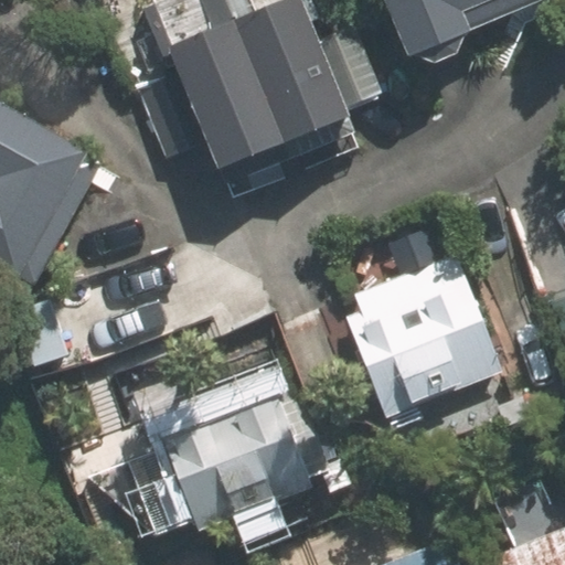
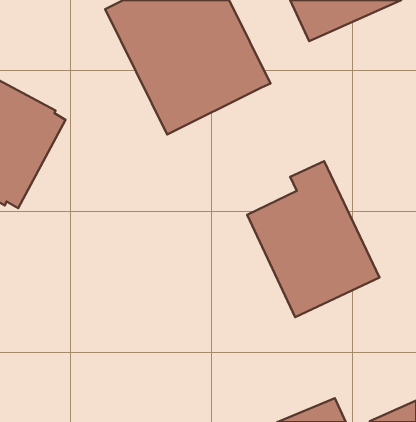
building: [146,367,318,532] -> none

